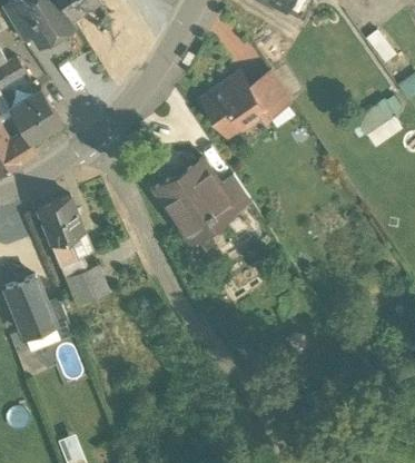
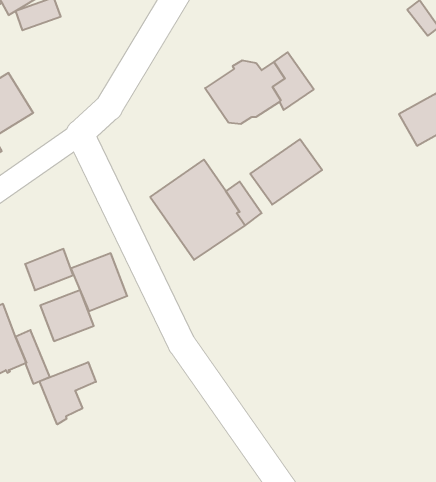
building: none -> [250,139,322,205]
building: [39,197,85,244] -> [71,253,127,311]
building: none -> [40,362,96,424]

